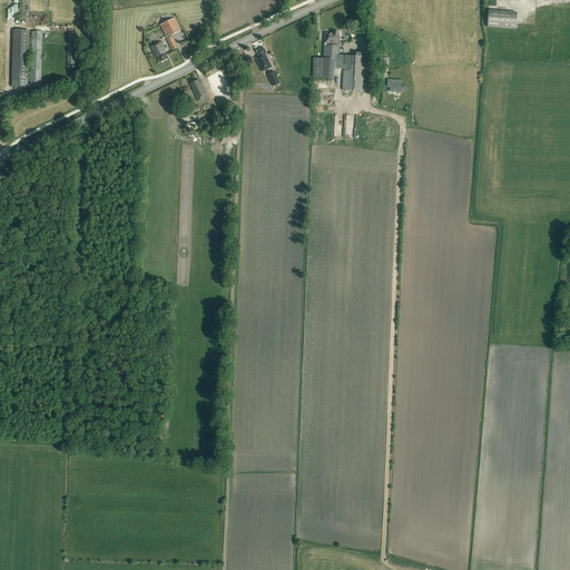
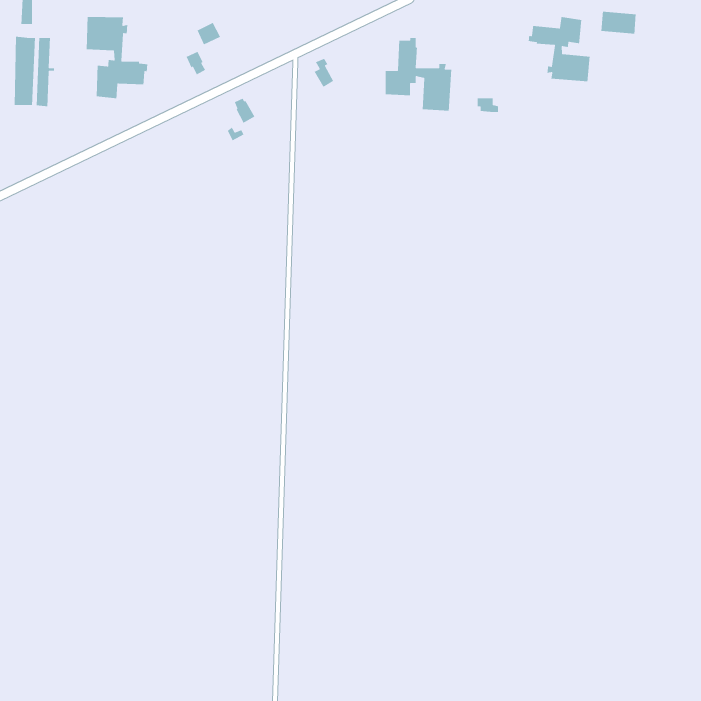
building: none -> [86,16,148,99]
building: none -> [528,16,591,82]

